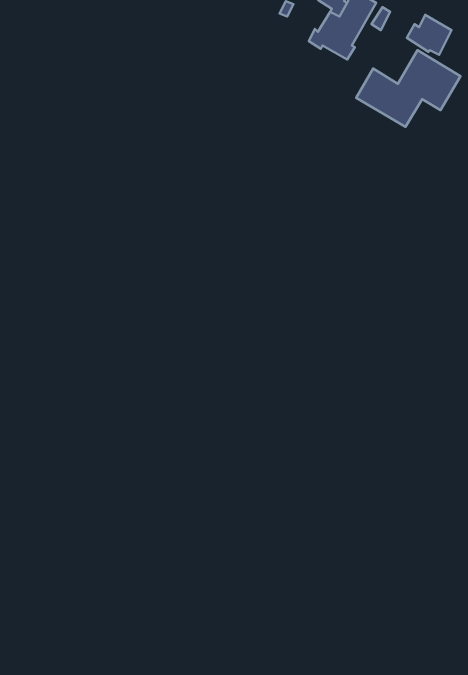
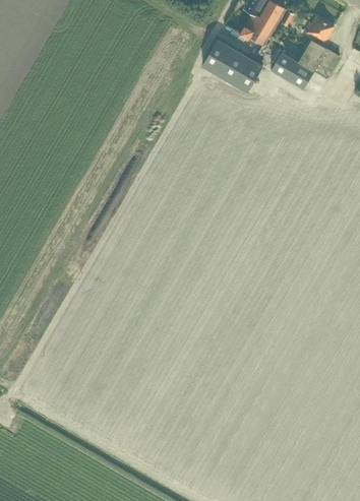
building: none -> [202,39,263,92]

